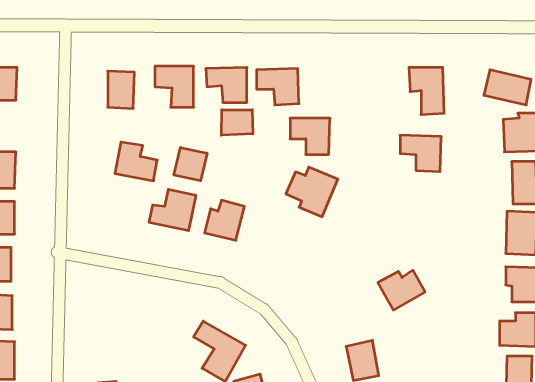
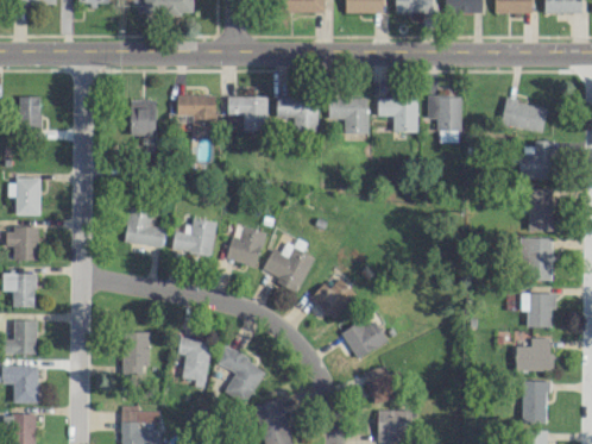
building: [221,110,253,135] -> none
building: [290,118,330,154] -> [329,98,369,133]
building: [400,135,441,172] -> [378,96,418,132]
building: [115,142,157,181] -> [124,210,165,248]
building: [174,147,207,181] -> none
building: [286,167,338,217] -> [263,243,314,292]
building: none -> [310,277,358,319]
building: [378,270,425,310] -> [341,319,388,358]
building: none -> [121,331,149,375]
building: none -> [178,336,212,387]

